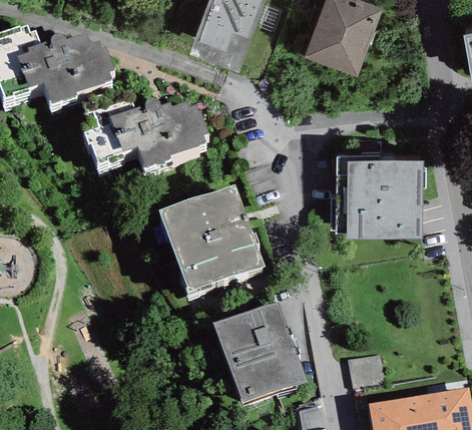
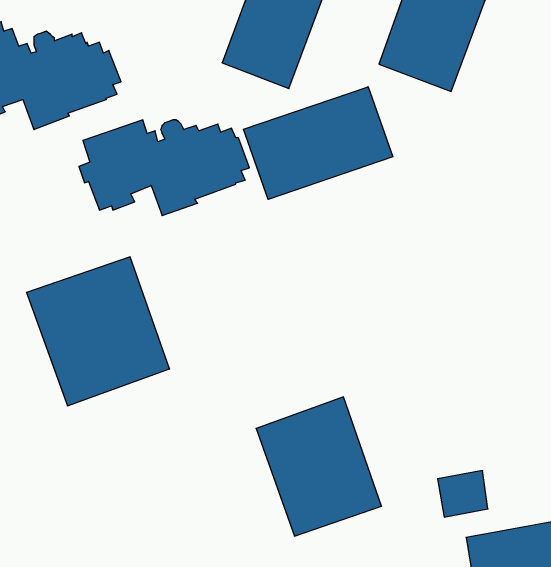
building: none -> [243,87,393,199]
building: [336,156,424,239] -> none
building: [159,184,265,294] -> [26,257,170,406]

